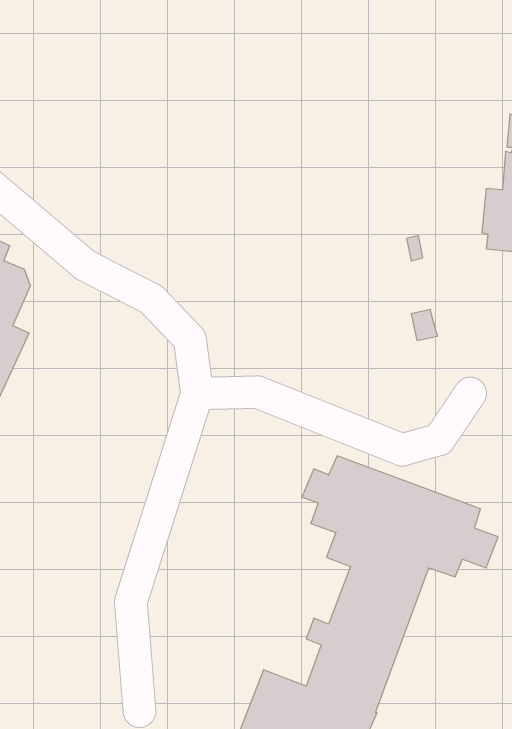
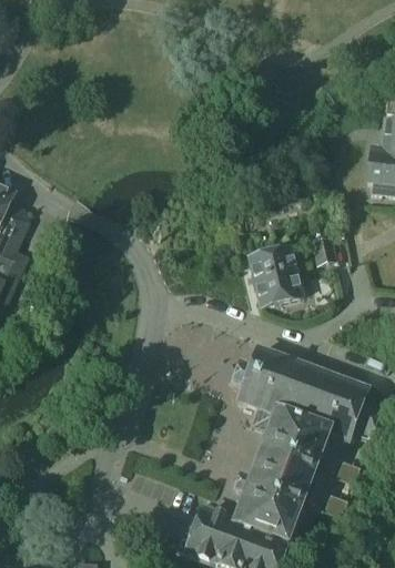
building: none -> [251,245,302,303]

